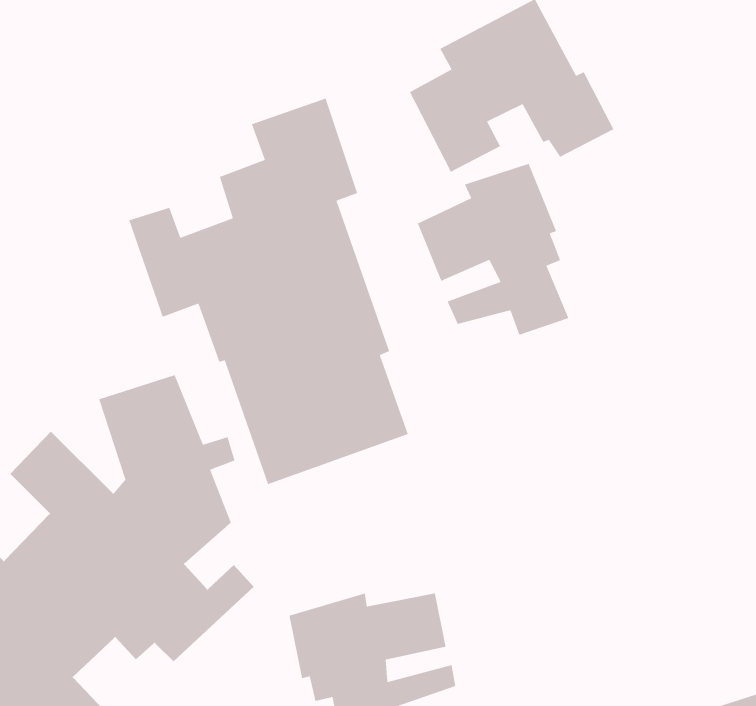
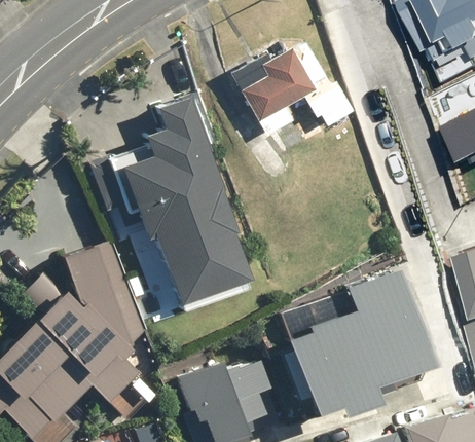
building: [417,163,569,336] -> none
building: none -> [268,273,416,419]

